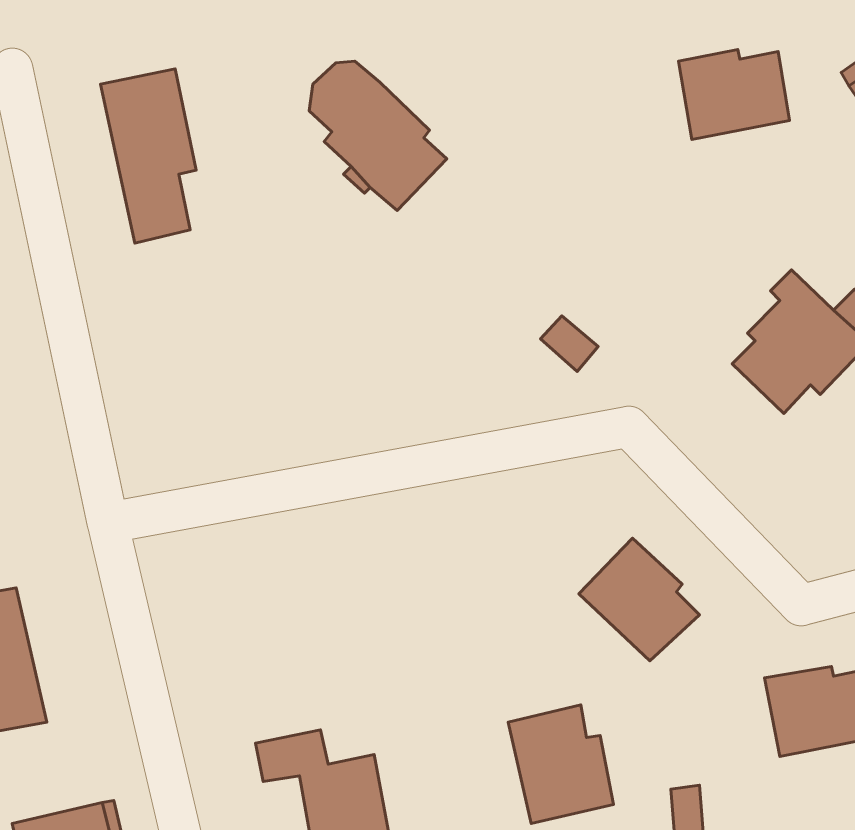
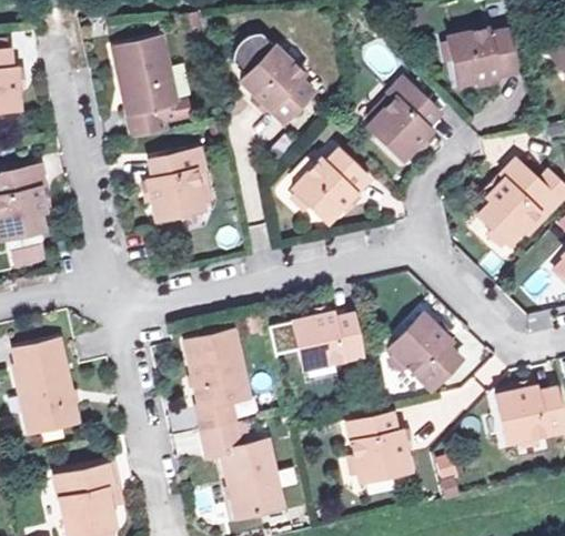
building: none -> [369,78,437,156]
building: none -> [149,149,204,218]
building: none -> [294,149,366,218]
building: none -> [270,314,362,370]
building: none -> [190,333,250,433]

